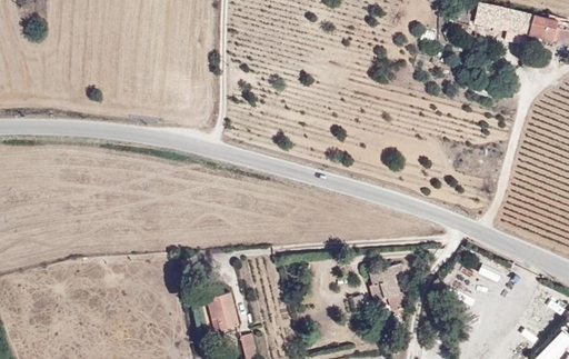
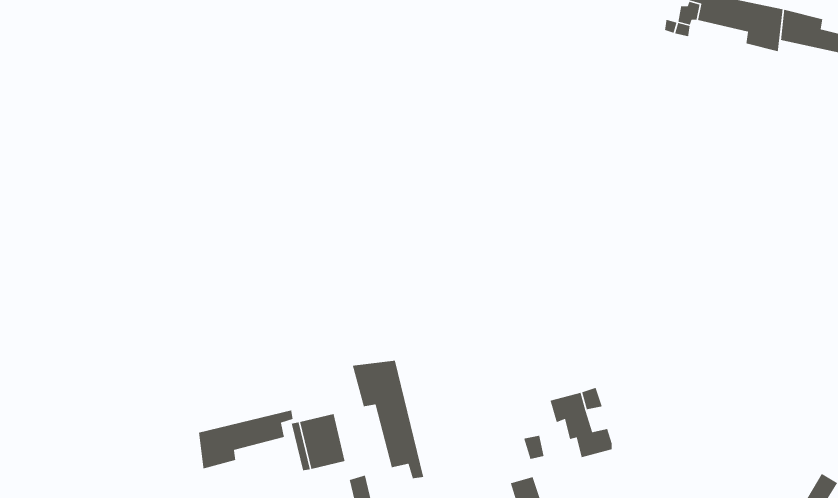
building: none -> [352,360,424,479]
building: none -> [198,410,293,469]

